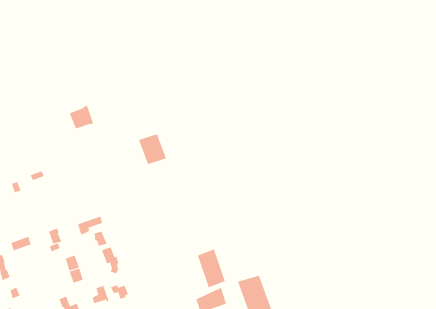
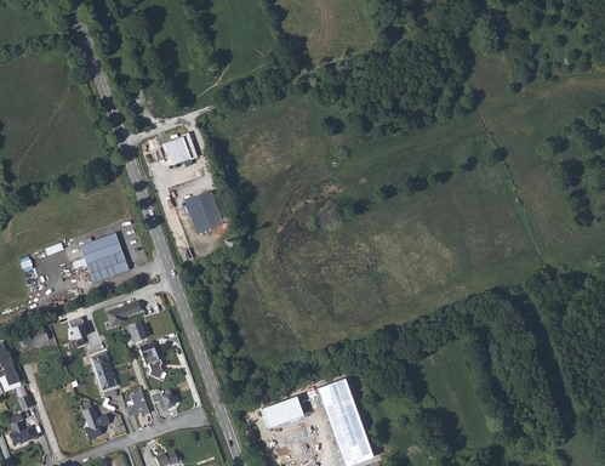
building: [69,105,94,129] -> [165,131,198,163]
building: none -> [79,232,129,282]
building: [197,249,225,288] -> none

